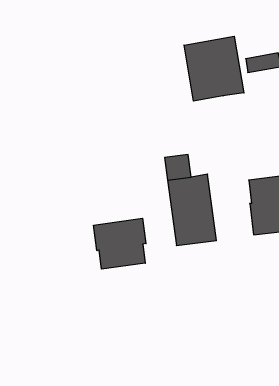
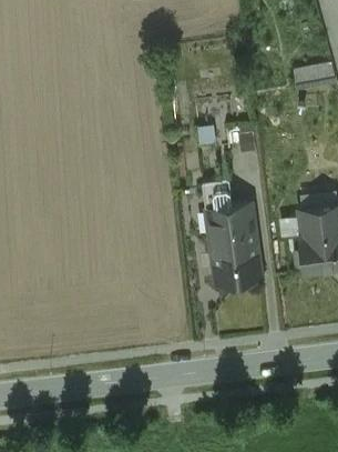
building: [184,36,244,101] -> none
building: [94,218,146,269] -> none

